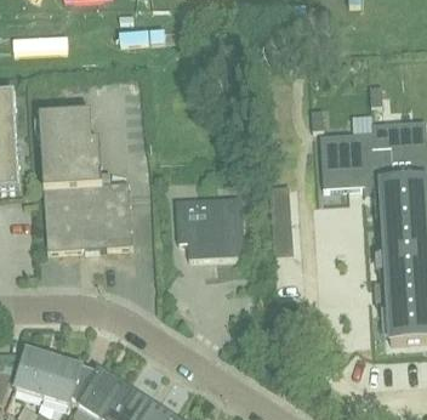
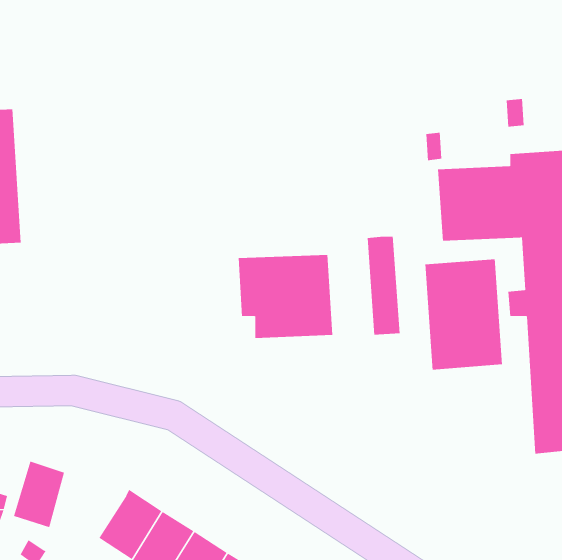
building: [39,110,132,249] -> none
building: none -> [425,258,503,370]
building: [40,354,95,403] -> none

